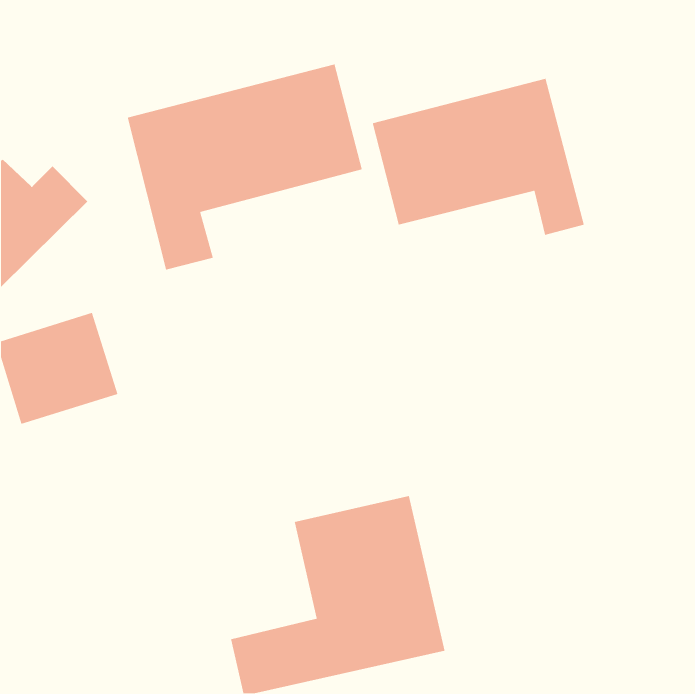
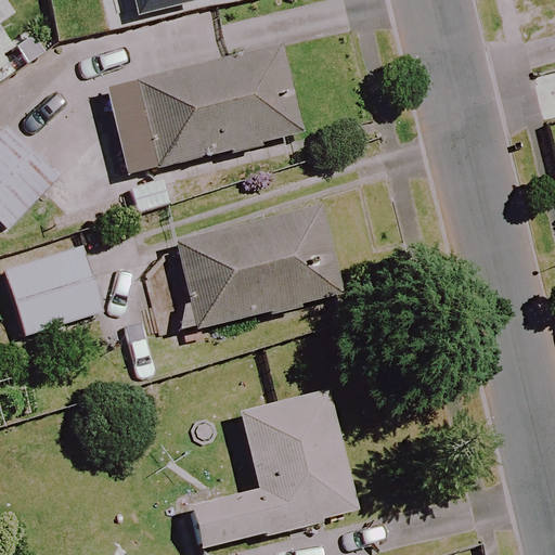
building: [372,78,585,236] -> none
building: none -> [176,202,340,327]

